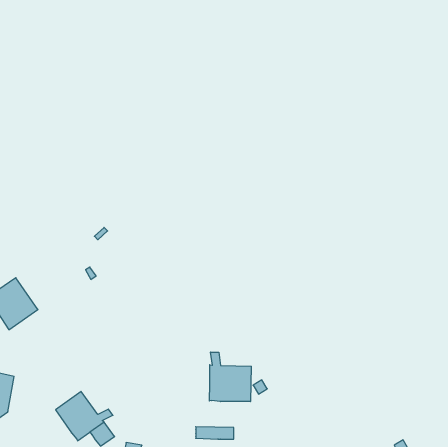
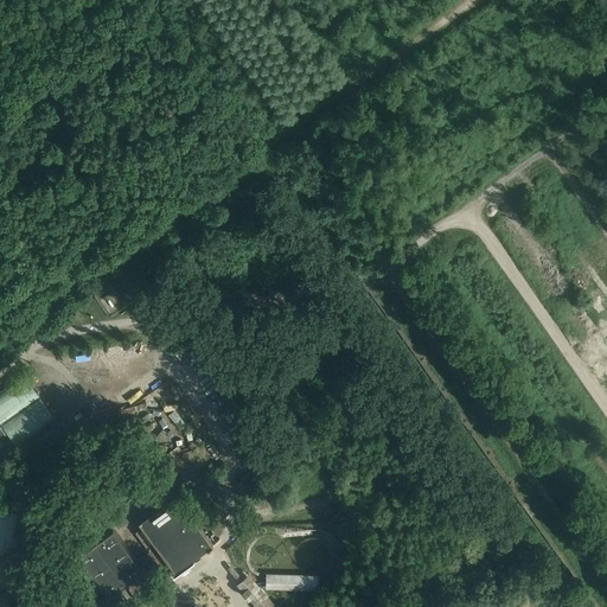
building: [209,352,251,402] -> none
building: none -> [132,497,211,580]

